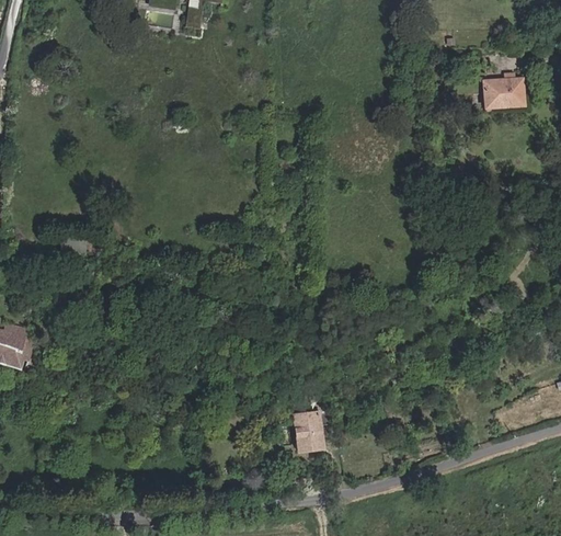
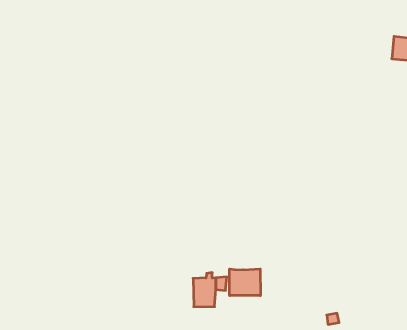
building: none -> [230,269,260,296]

